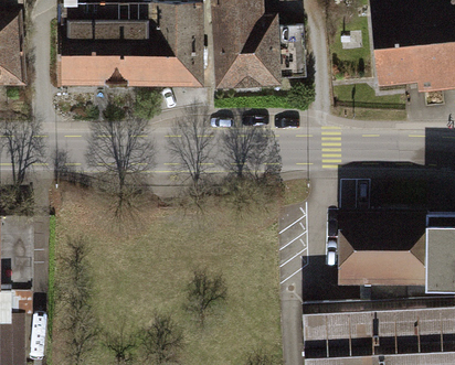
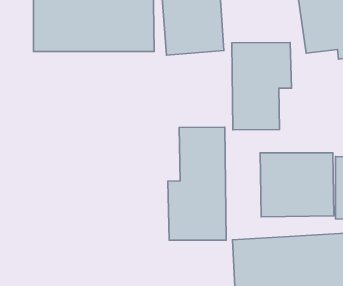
building: none -> [232,42,291,130]
building: none -> [168,127,226,240]

